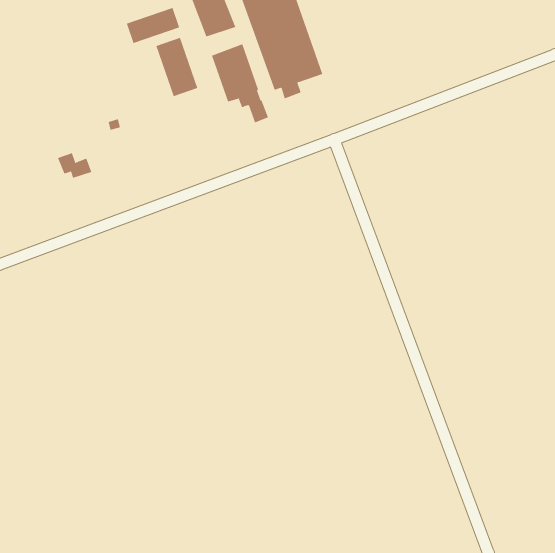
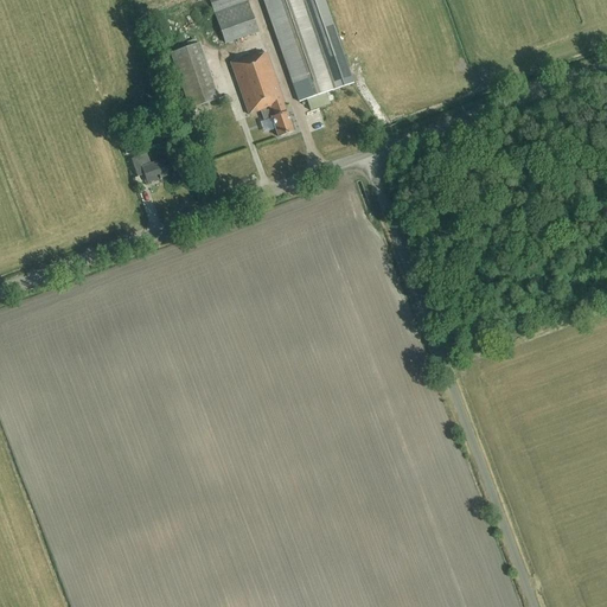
building: [126,7,180,44] -> none
building: [57,152,92,179] -> [129,151,167,179]

